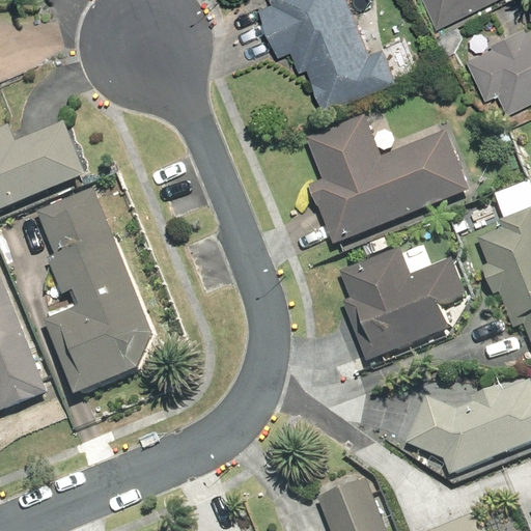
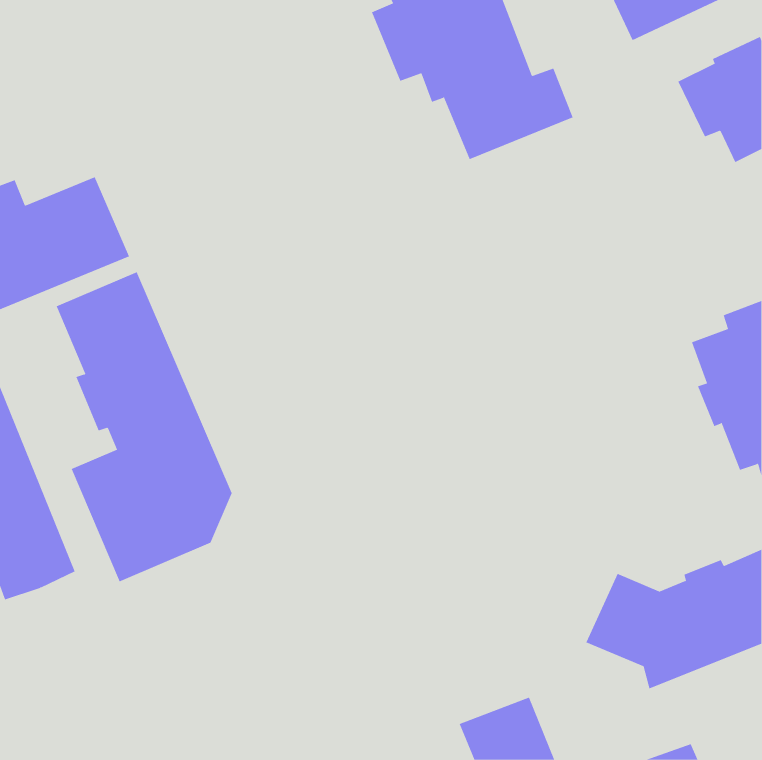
building: [303,112,469,246] -> none
building: [336,246,468,361] -> none

